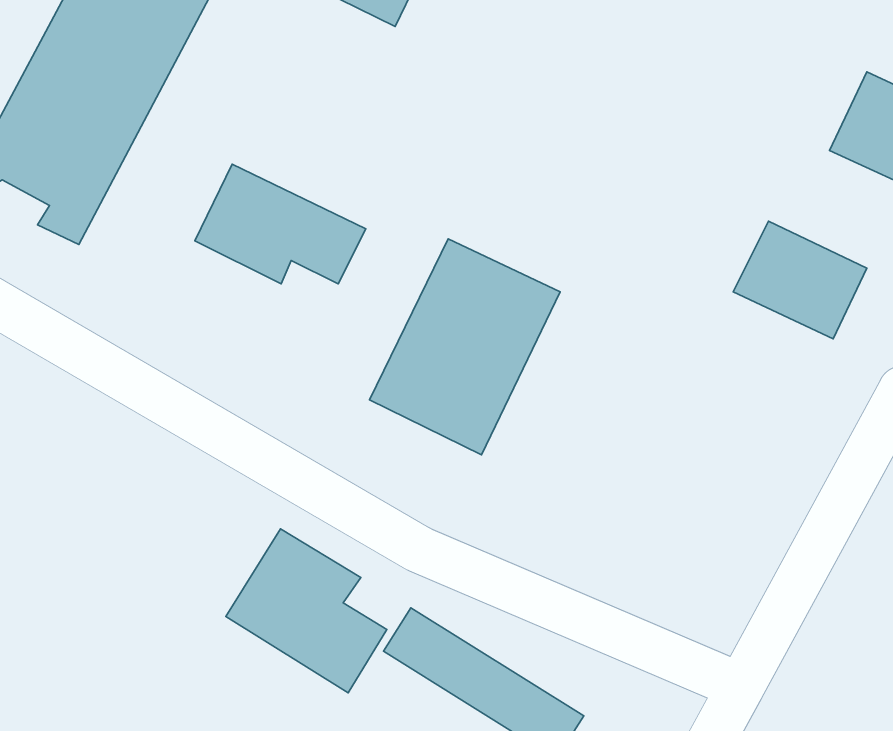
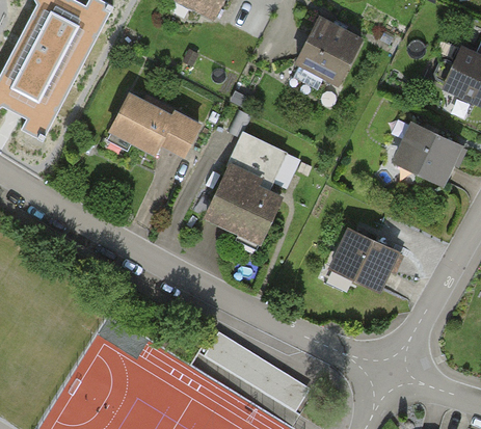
building: none -> [295,19,360,85]
building: none -> [330,223,403,291]
building: [226,529,387,693] -> none

